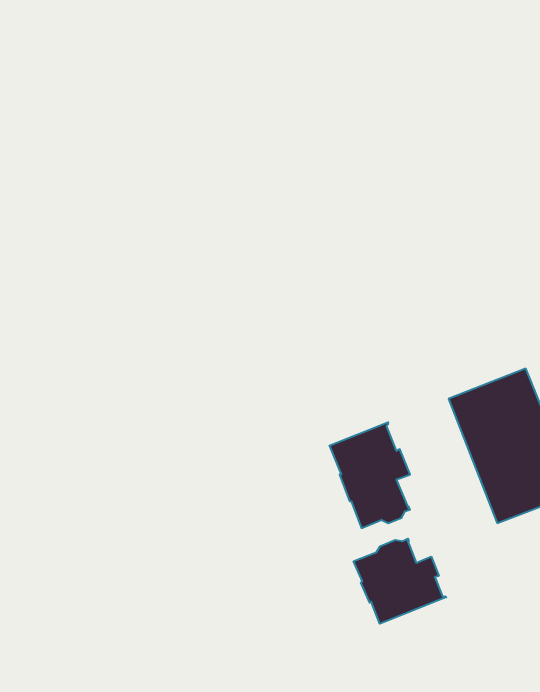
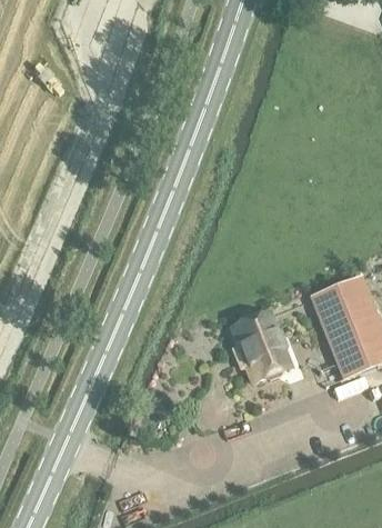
building: [354,539,446,624] -> none

